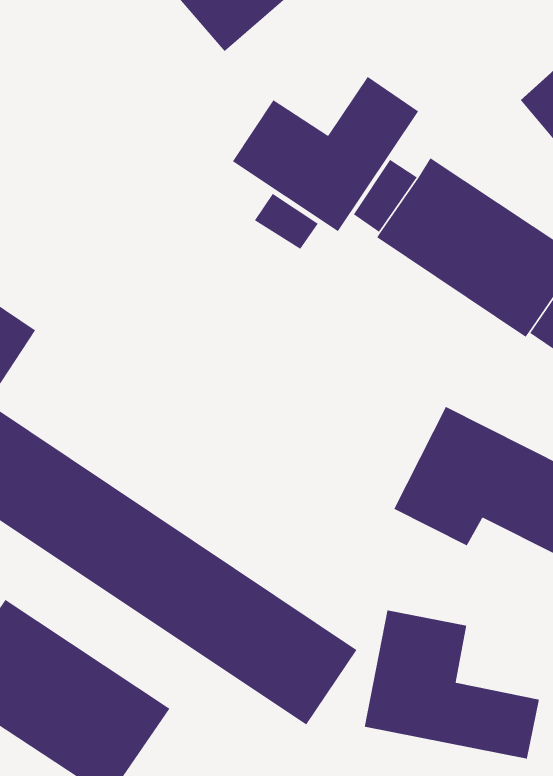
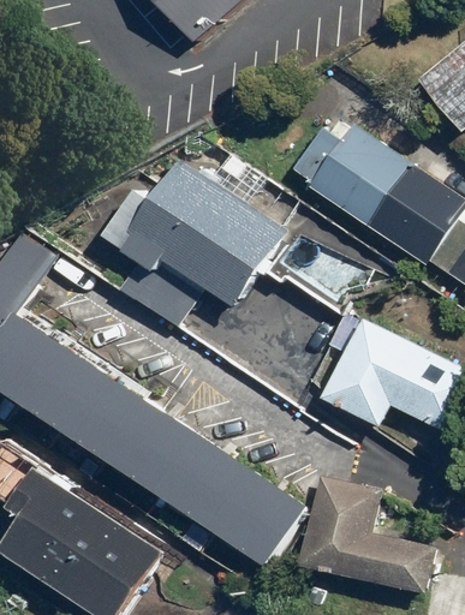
building: [232,76,419,232] -> none
building: none -> [107,159,290,327]

